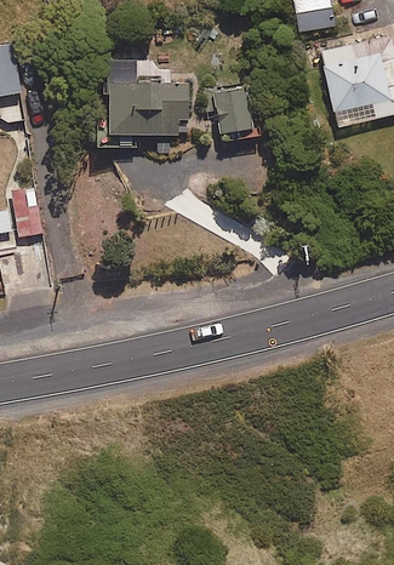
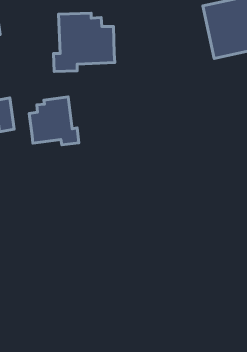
building: [204,85,251,135] -> none
building: none -> [29,97,79,145]

